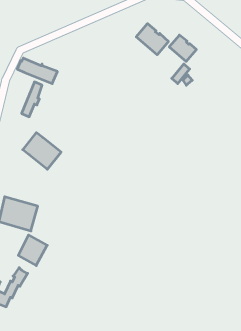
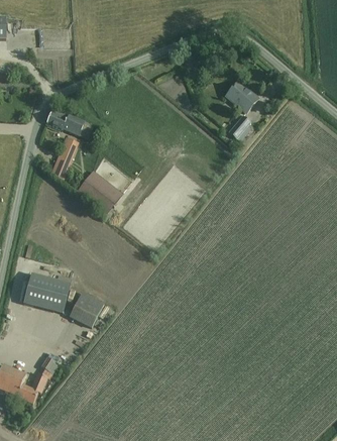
building: [136,24,168,55] -> none
building: [23,133,61,169] -> [77,171,122,214]
building: [18,235,47,266] -> [70,291,104,327]

